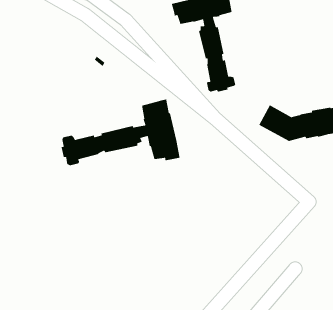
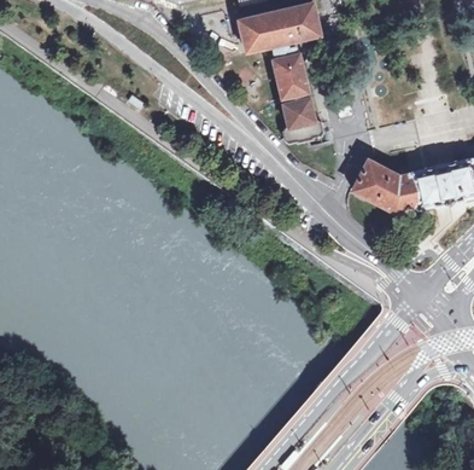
building: [60,99,180,166] -> none

